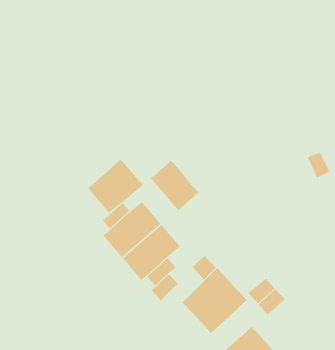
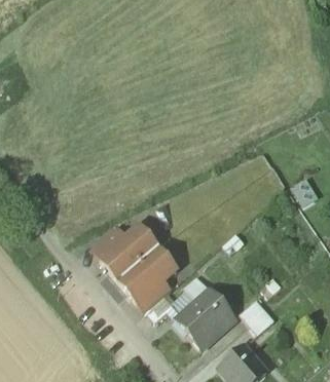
building: [87,158,143,214] -> none
building: [150,160,199,211] -> none

